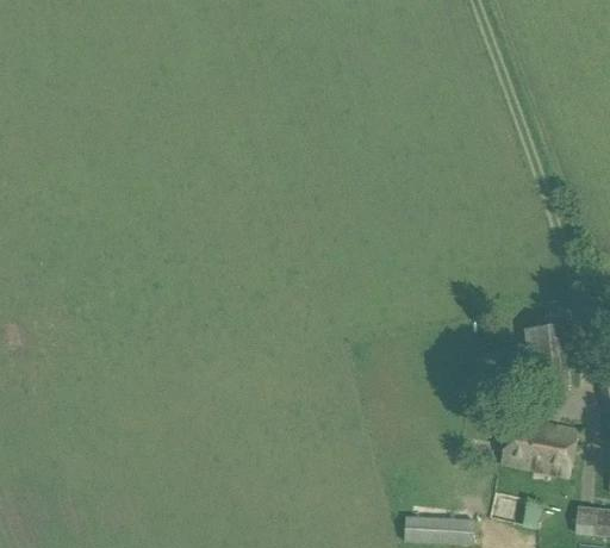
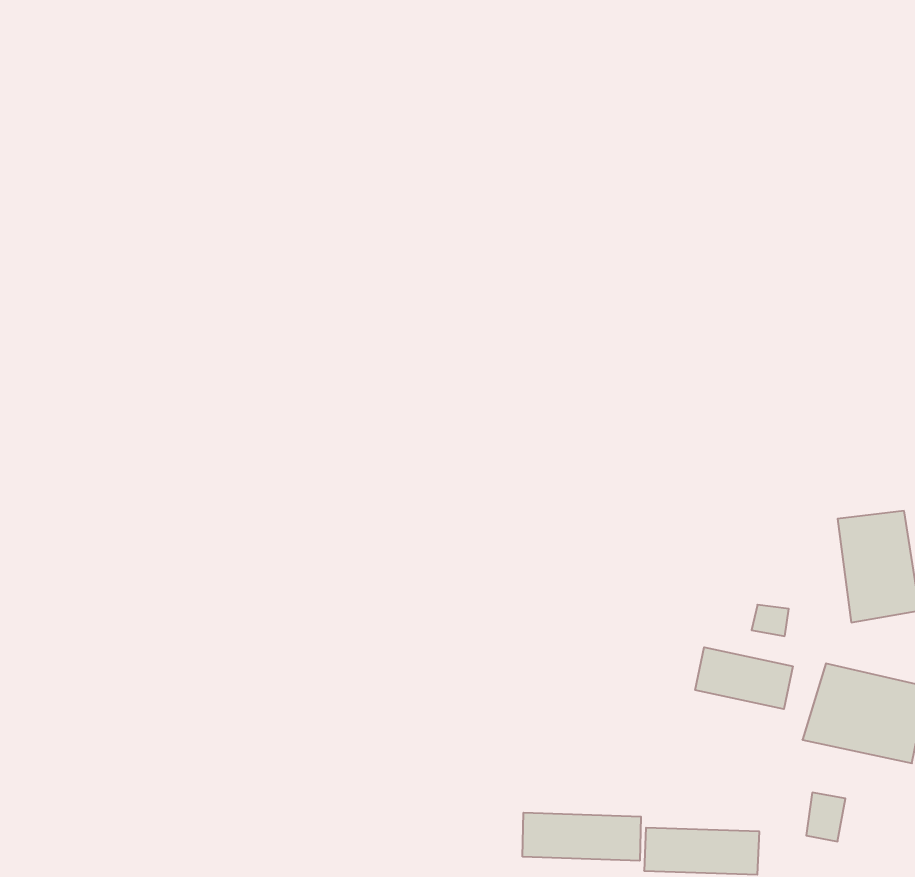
building: none -> [695,647,793,709]
building: none -> [523,813,641,861]

